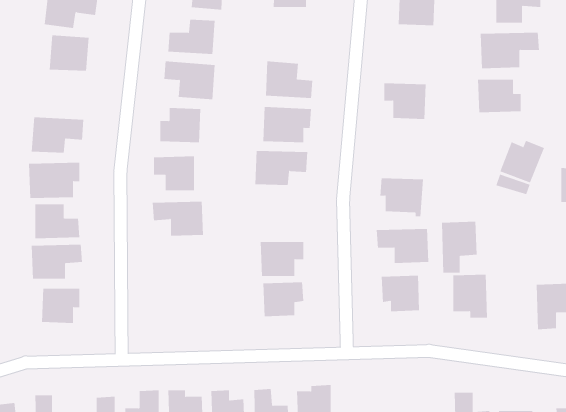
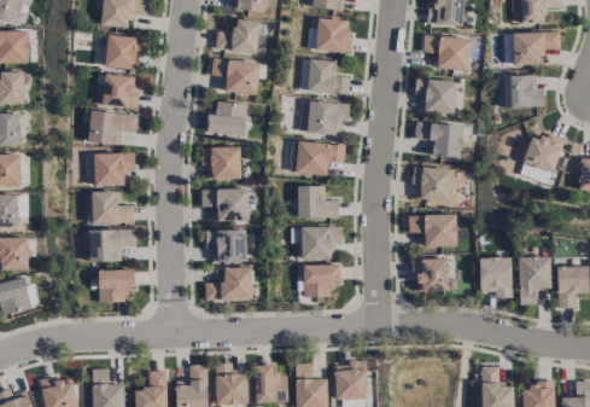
building: none -> [316,17,354,53]
building: none -> [423,35,472,69]
building: none -> [104,74,139,107]
building: none -> [415,122,463,156]
building: none -> [298,185,340,217]
building: [441,221,478,273] -> [519,256,553,304]
building: none -> [206,228,247,262]
building: none -> [205,267,253,300]

